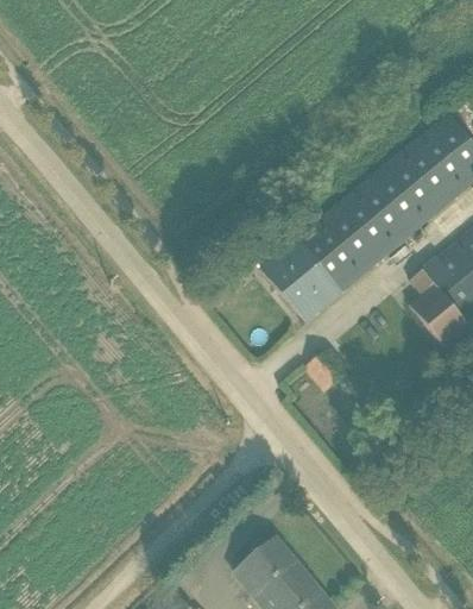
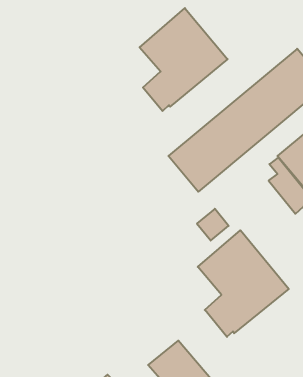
building: none -> [140,8,228,111]
building: none -> [198,230,289,337]

